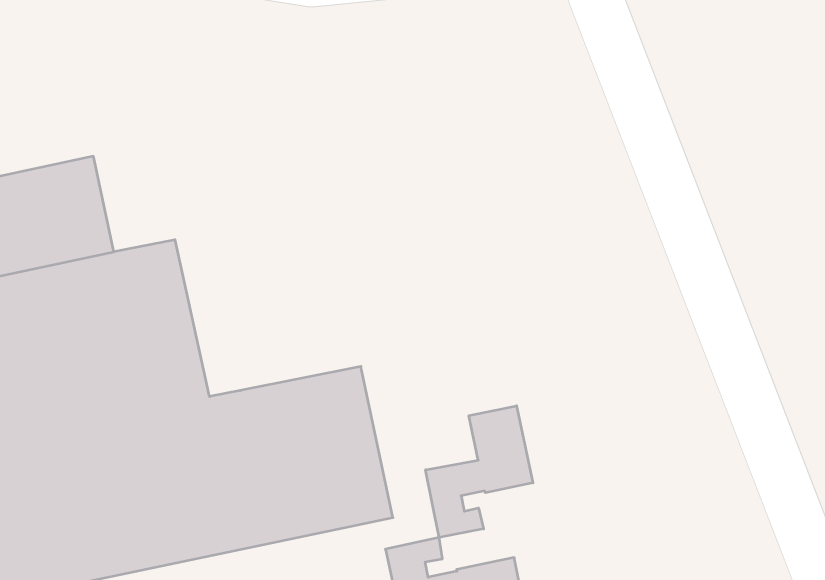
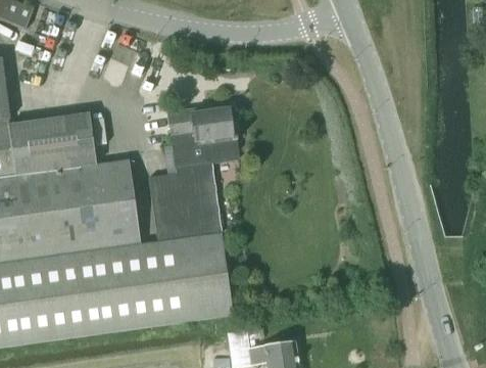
building: none -> [148,106,239,241]
building: [426,406,533,538] -> none

